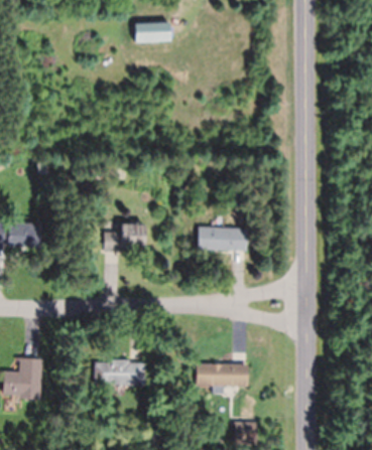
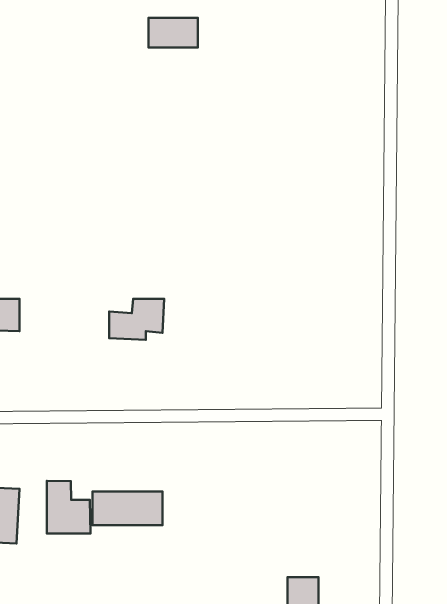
building: [196,227,245,250] -> none
building: none -> [47,481,90,534]
building: [196,363,249,395] -> none

